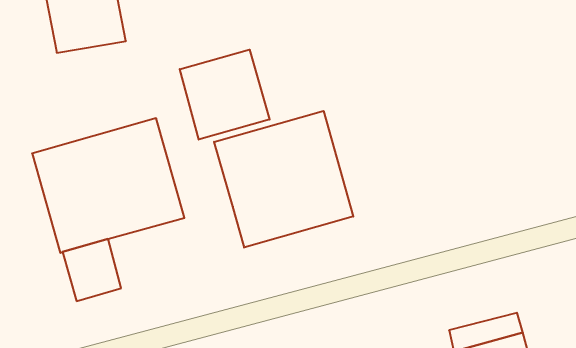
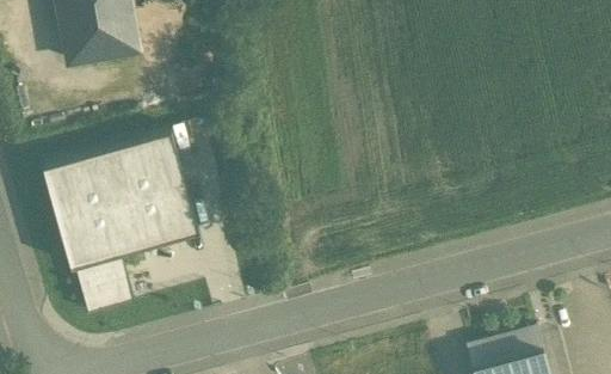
building: [180,50,270,140] -> none
building: [214,111,353,248] -> none

